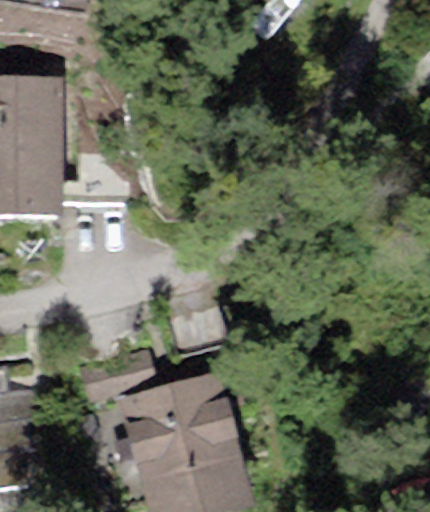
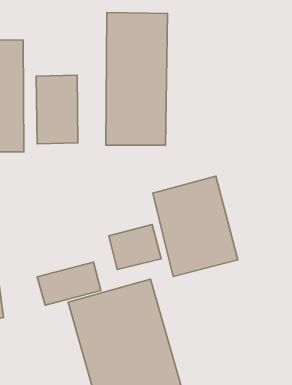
building: none -> [106,12,168,145]
building: none -> [153,176,238,276]

